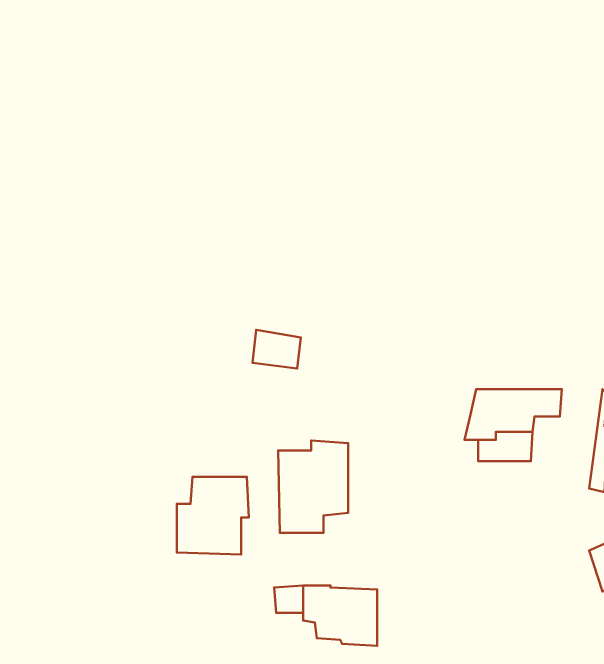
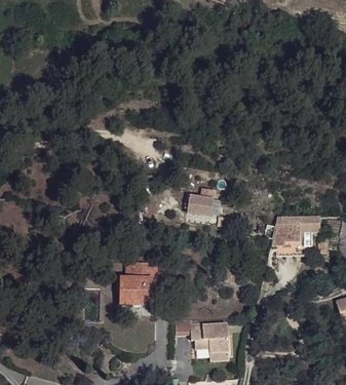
building: [252,330,301,369] -> [189,195,215,216]
building: [278,441,348,533] -> none

